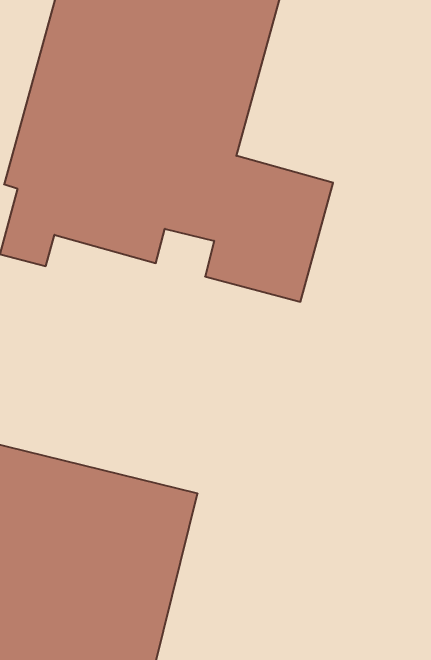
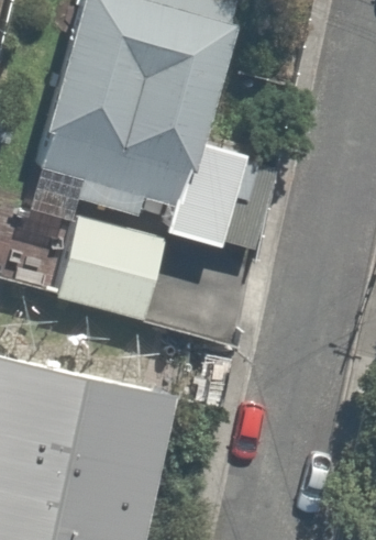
building: none -> [55,214,170,322]

